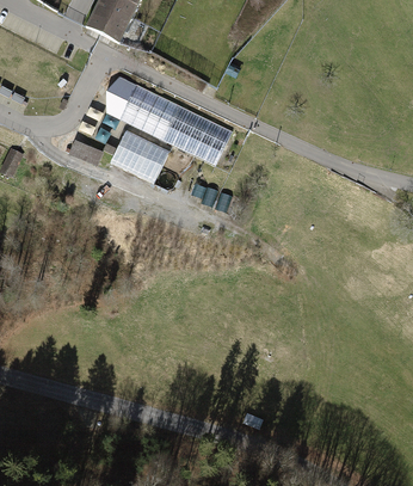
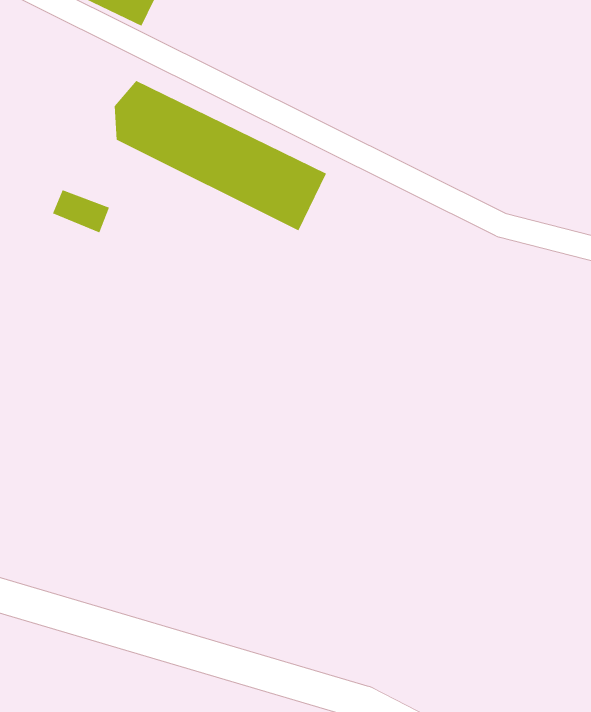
building: [109,129,168,184] -> none

